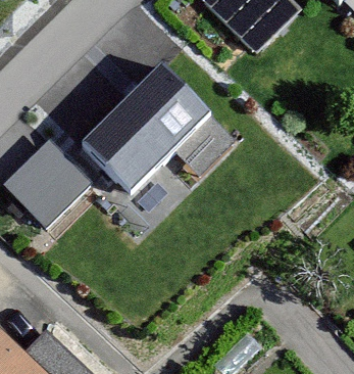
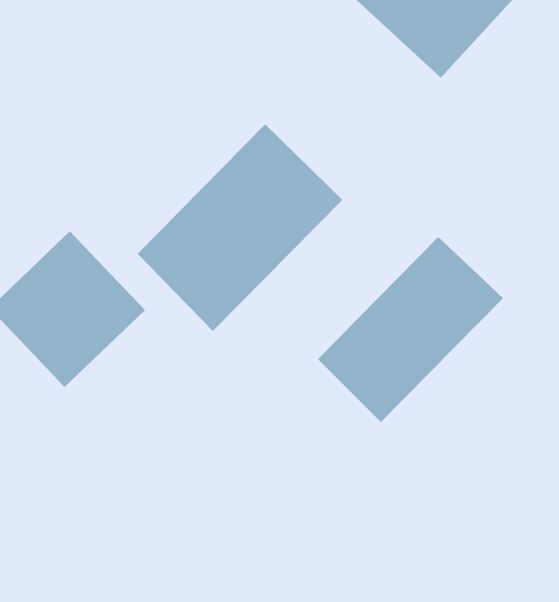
building: none -> [317,236,504,423]

